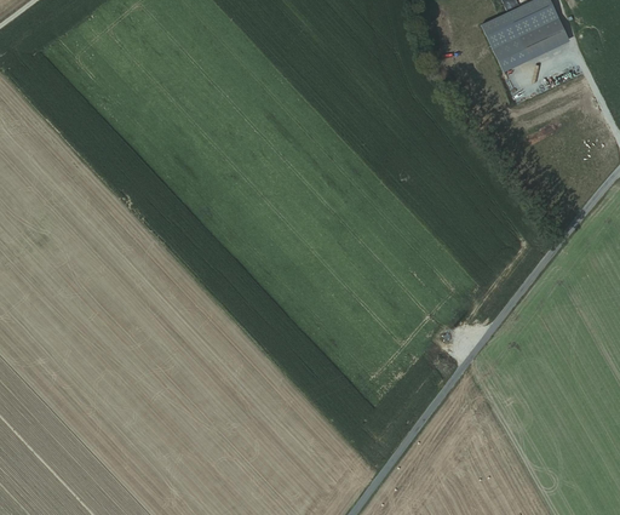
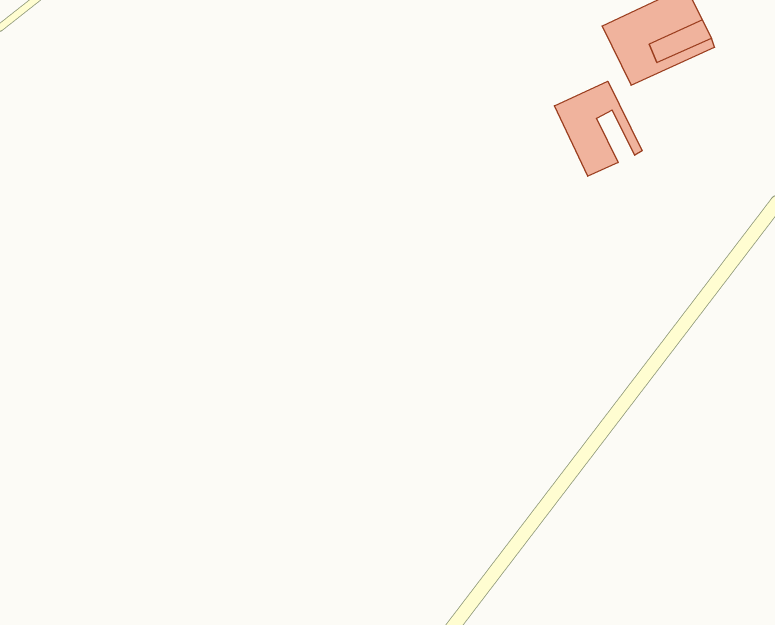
building: none -> [554,81,642,176]

